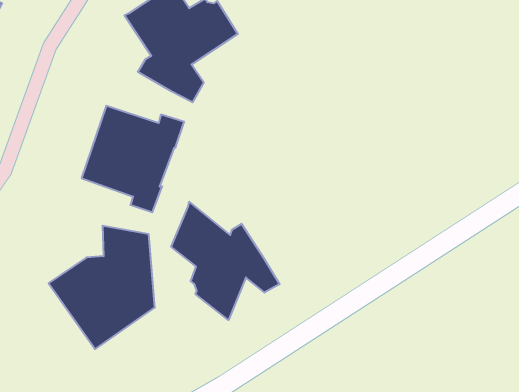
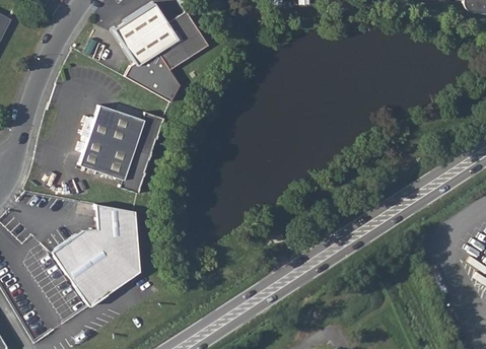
building: [171,202,280,320] -> none

